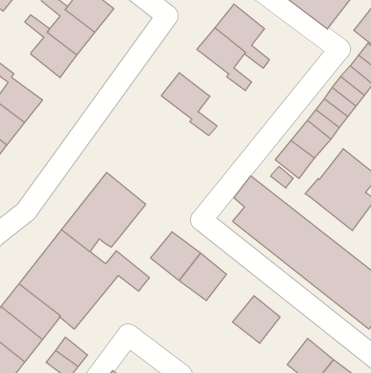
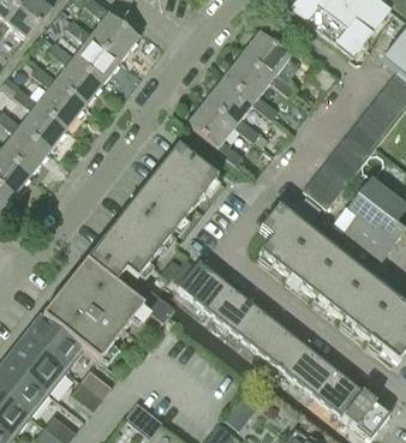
building: none -> [31,62,85,127]
building: none -> [205,76,262,140]
building: none -> [132,143,219,233]
building: none -> [233,304,281,352]
building: none -> [287,347,335,395]

